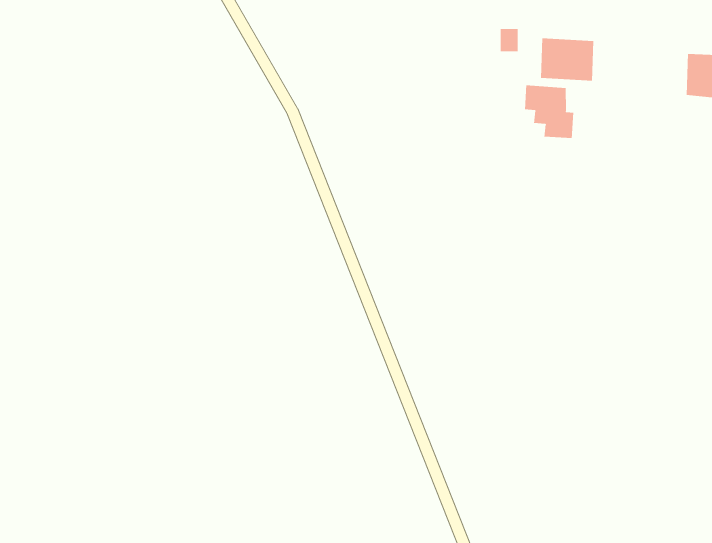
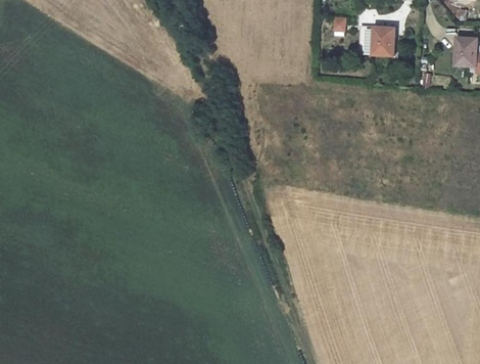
building: [524,85,574,139] -> none

